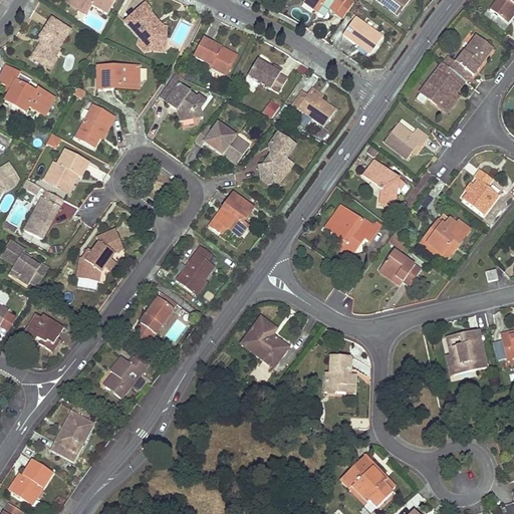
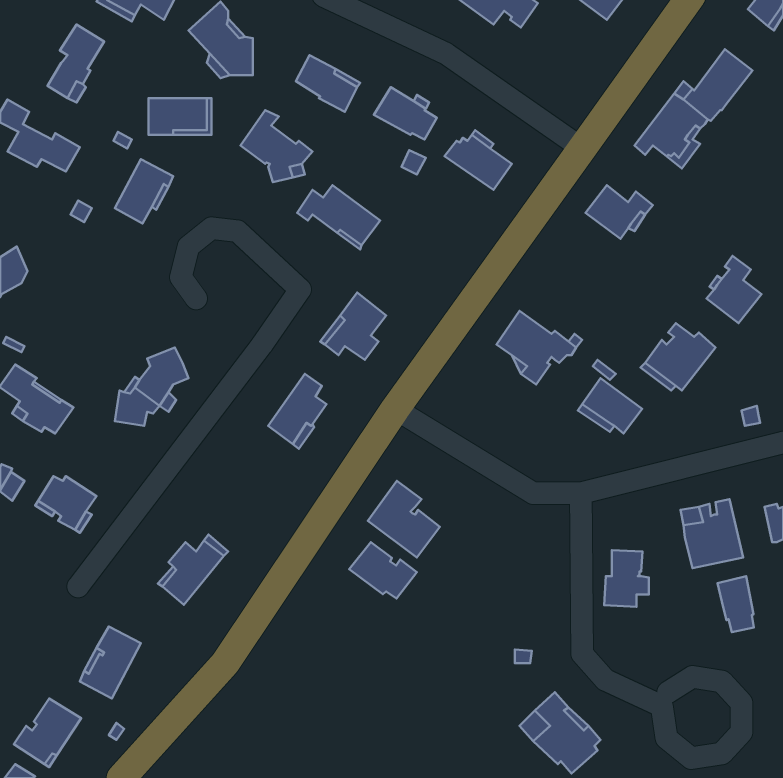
building: [341,16,382,53] -> none
building: [258,131,294,180] -> none
building: [43,148,88,187] -> none
building: [363,158,405,204] -> none
building: [23,191,62,238] -> none
building: [137,297,173,337] -> none
building: [325,354,354,392] -> [604,550,649,607]
building: none -> [349,542,417,599]
building: none -> [718,576,754,632]

